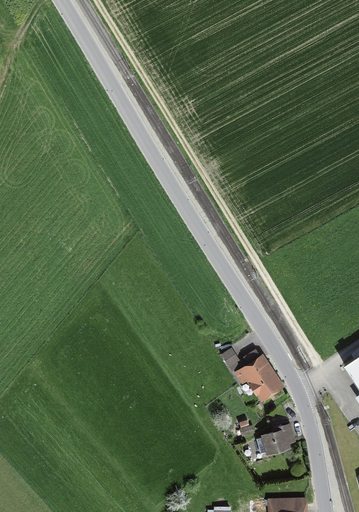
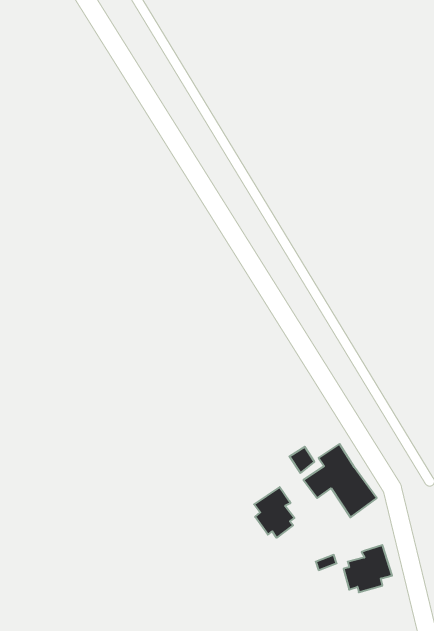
building: none -> [254,487,294,538]

